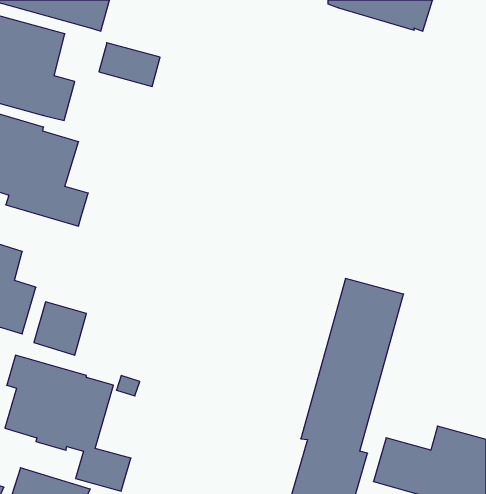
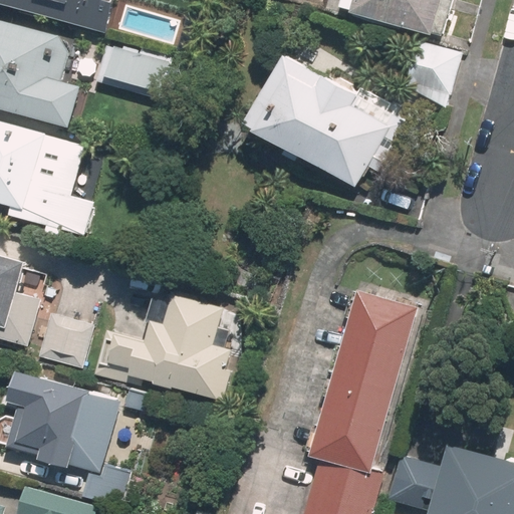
building: none -> [406,43,455,92]
building: none -> [250,55,405,186]
building: none -> [89,293,228,400]

